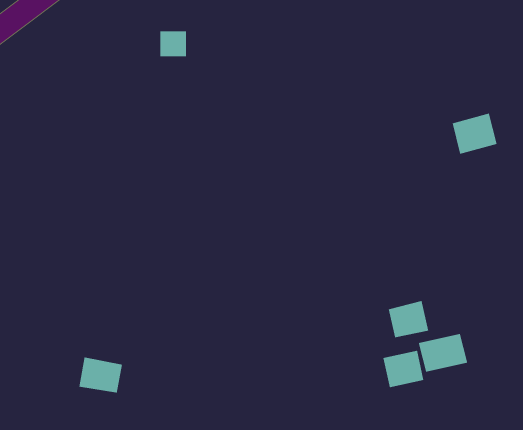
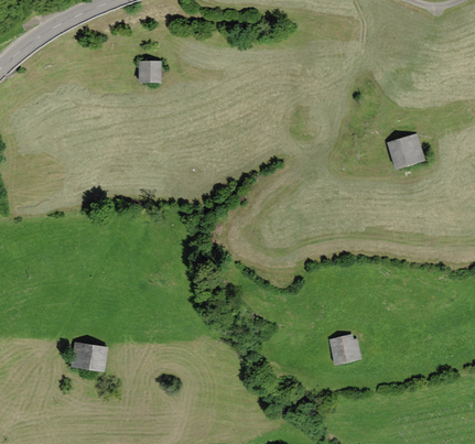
building: [388,300,429,338] -> none
building: [418,333,468,373] -> none

